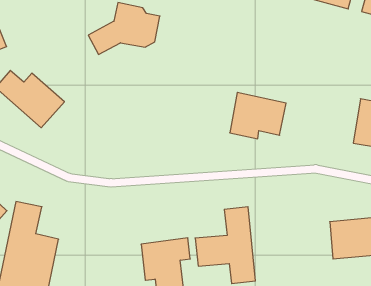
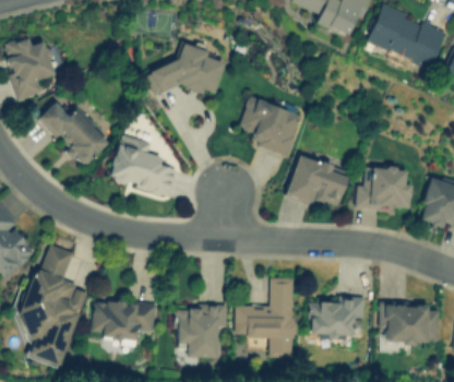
building: none -> [238,93,304,157]
building: none -> [108,133,178,196]
building: none -> [356,166,411,211]
building: none -> [308,295,366,336]
building: none -> [92,299,156,341]

